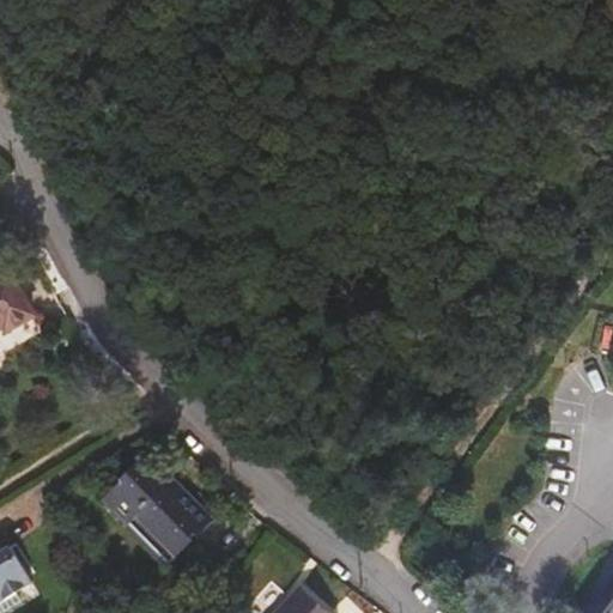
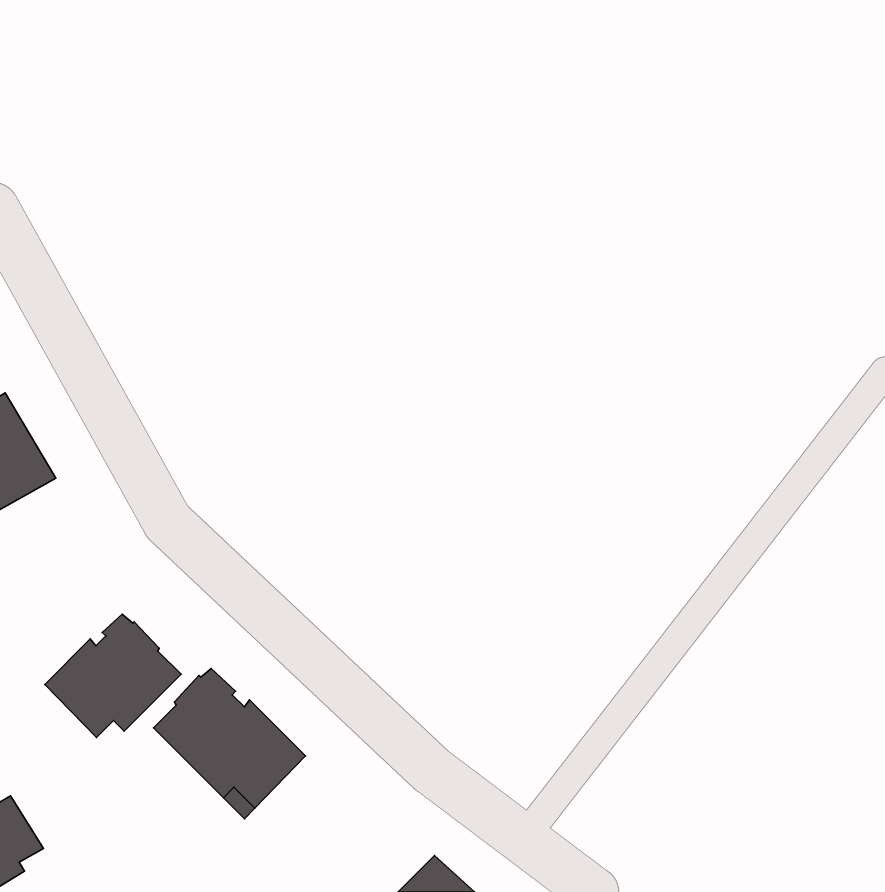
building: none -> [45,614,181,738]

